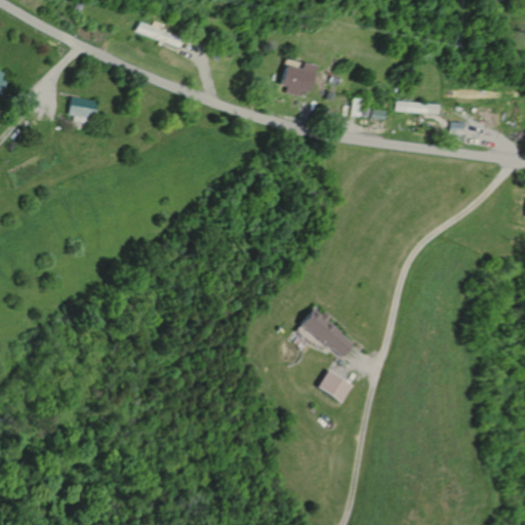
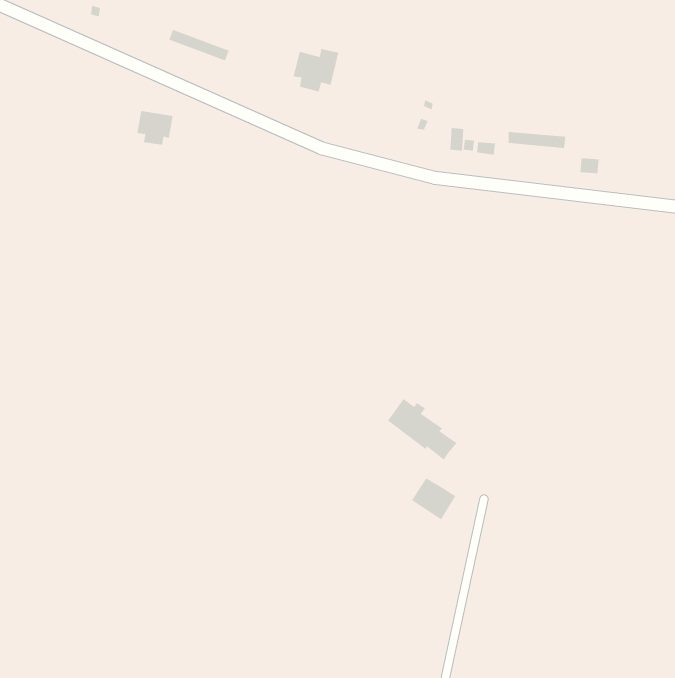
building: [279,64,315,97] -> [293,48,339,92]
building: [68,97,96,124] -> [136,111,174,145]

